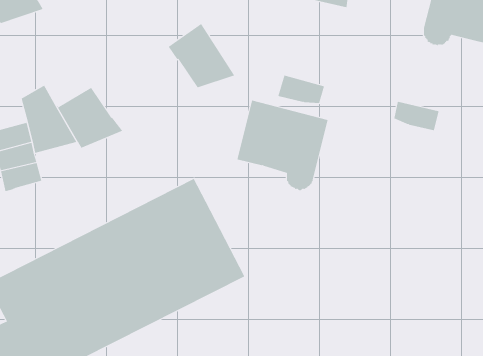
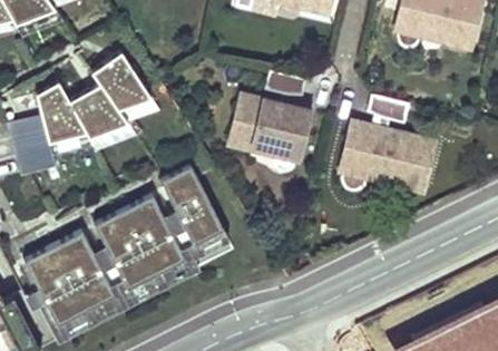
building: [168,23,235,89] -> [90,51,150,110]
building: none -> [340,119,436,193]

